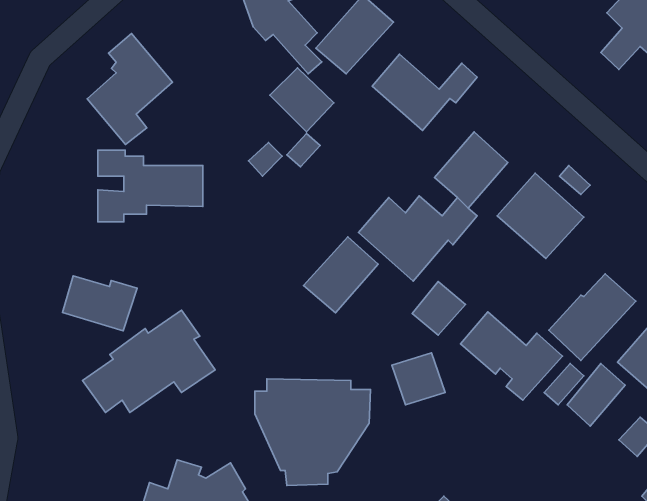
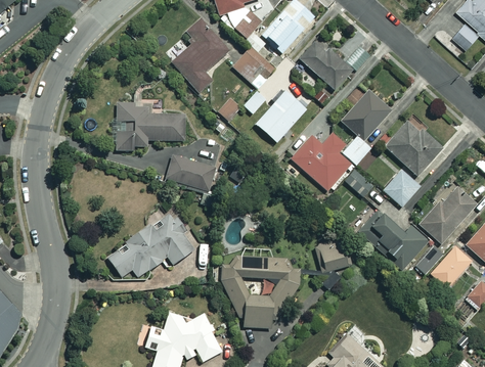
building: [87,33,173,145] -> [172,17,229,92]
building: [304,237,378,313] -> [255,90,305,141]
building: [62,276,137,331] -> [166,154,216,191]
building: [412,282,465,335] -> [384,170,420,205]

